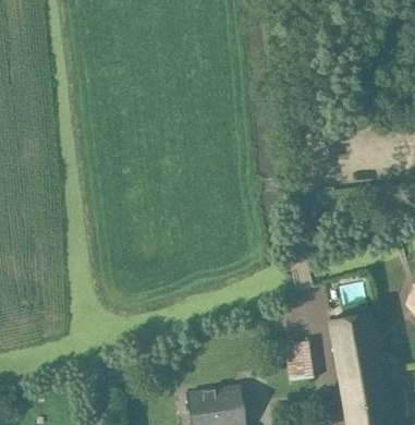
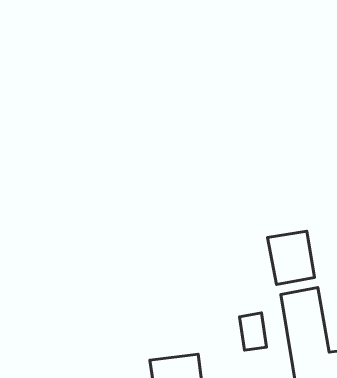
building: none -> [267,231,315,285]

